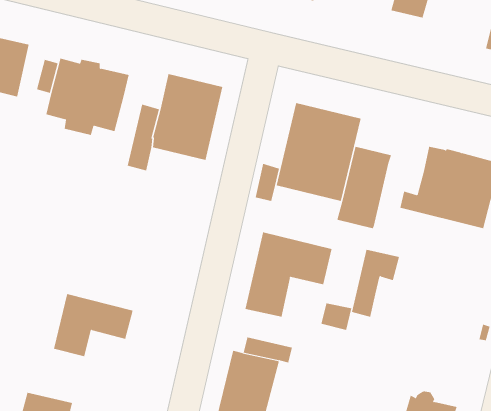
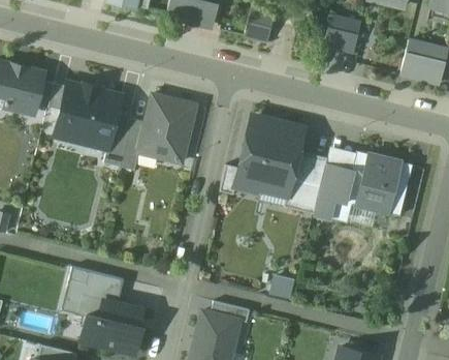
building: none -> [103,112,132,167]
building: [245,231,332,318] -> none
building: [351,249,400,318] -> [314,164,352,218]
building: none -> [81,296,143,355]

